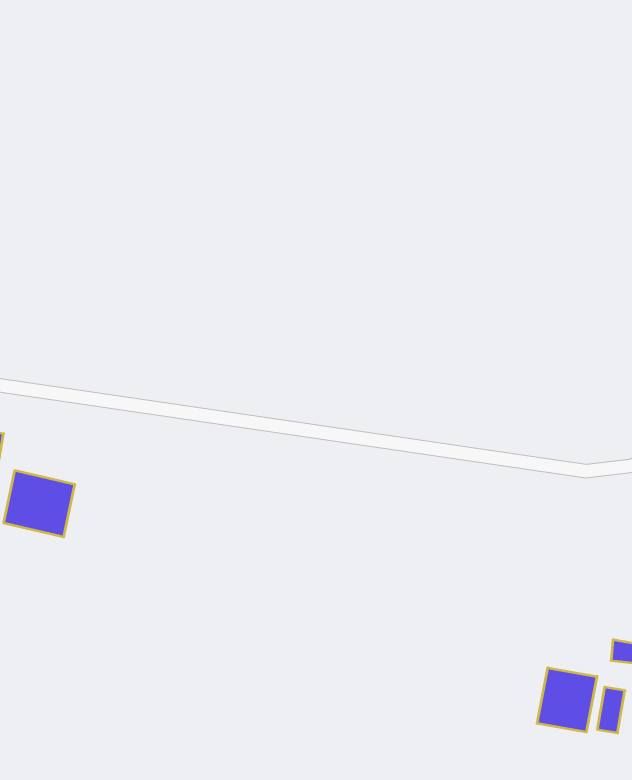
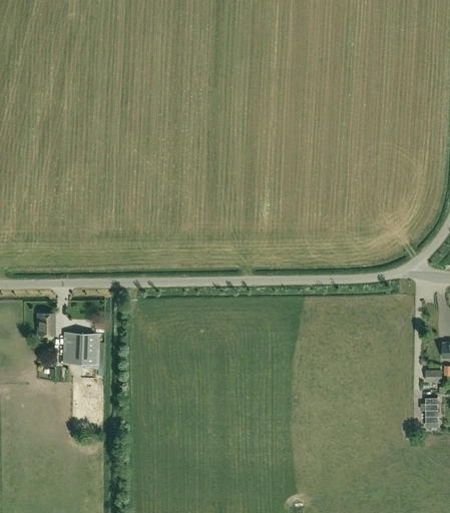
building: [537,668,597,732] -> none

